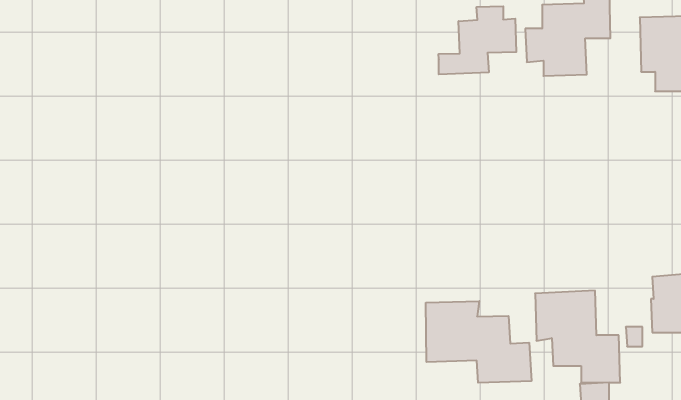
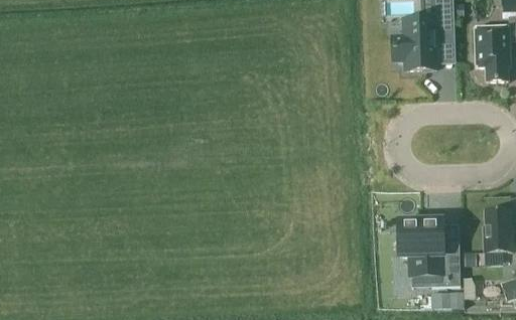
building: [439,6,516,74] -> none
building: [426,301,531,383] -> none

